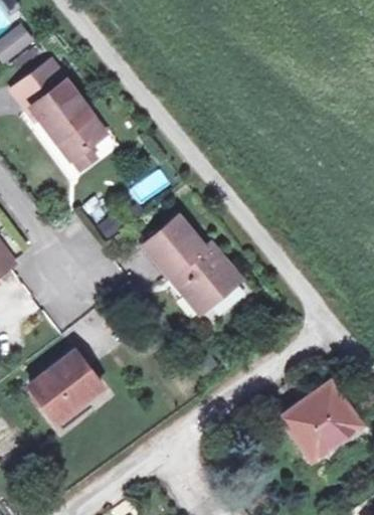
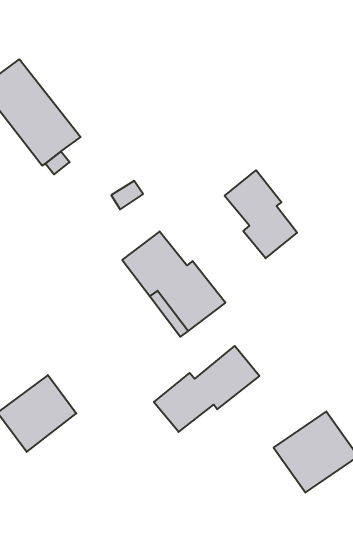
building: none -> [225,170,297,258]
building: none -> [154,346,259,432]

